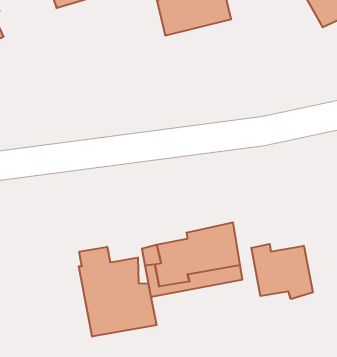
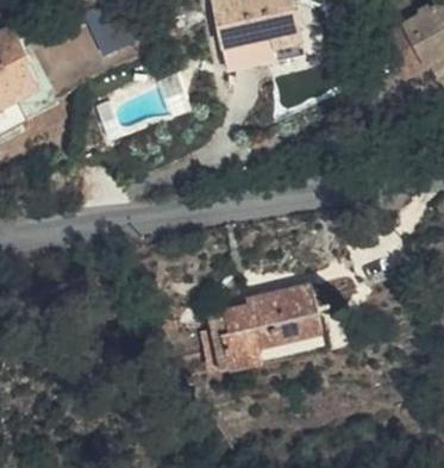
building: [251,244,313,299] -> none
building: [79,247,156,337] -> none

